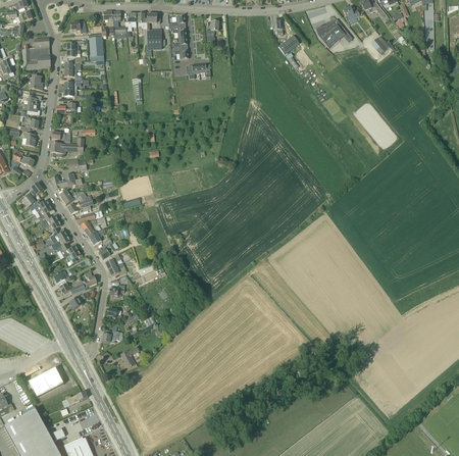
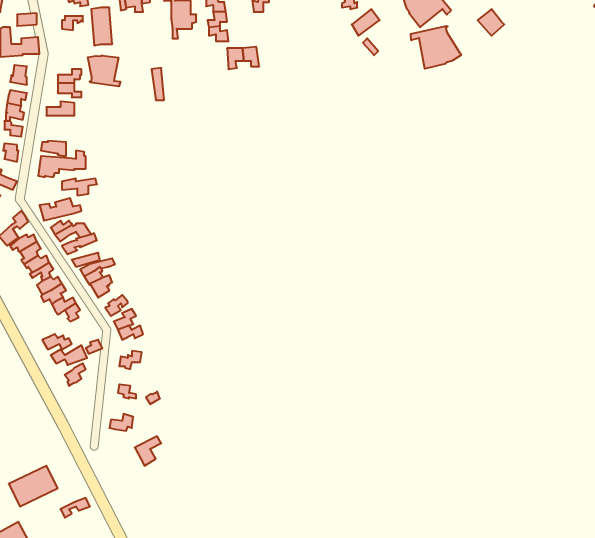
building: none -> [411,26,461,69]
building: none -> [88,55,120,86]

